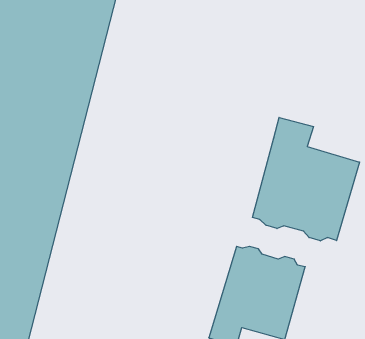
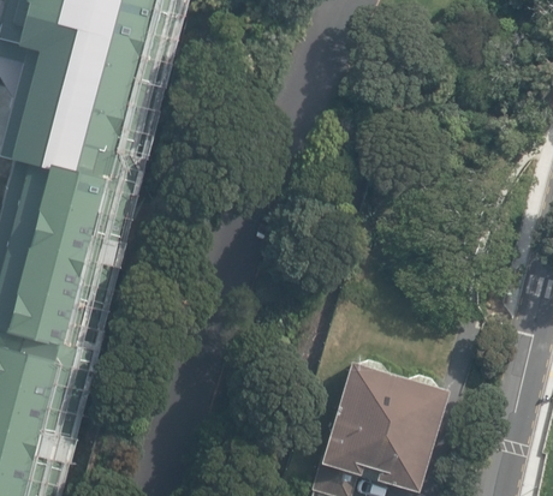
building: [253,117,360,241] -> none

